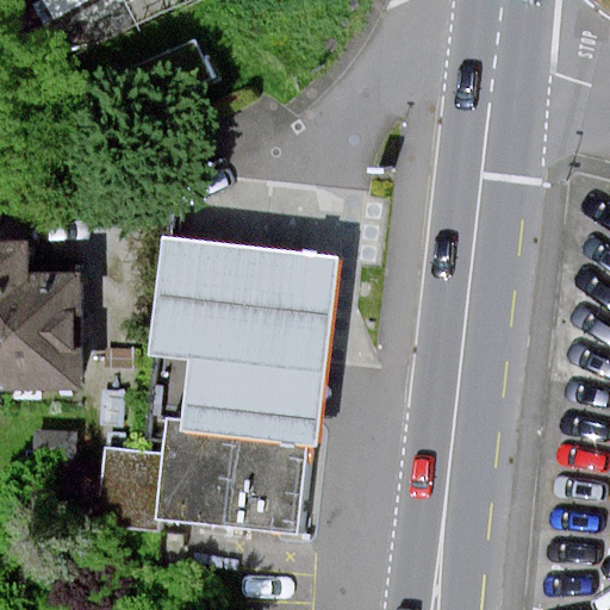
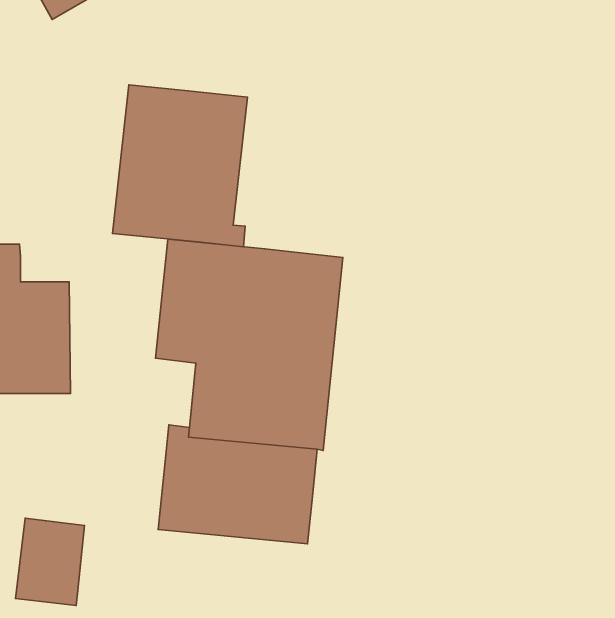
building: none -> [112,85,248,247]
building: [94,446,162,531] -> [15,518,85,606]

